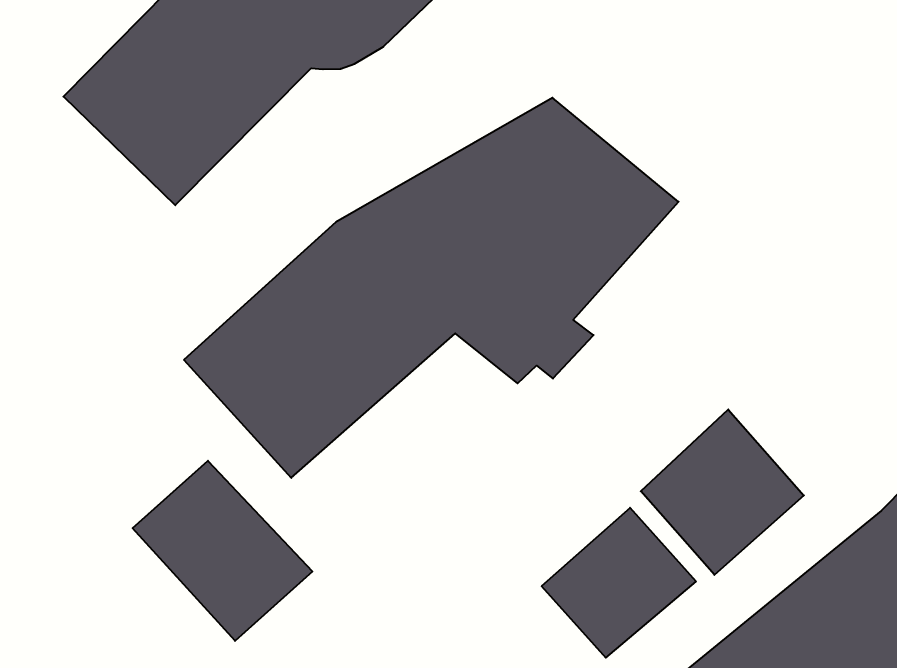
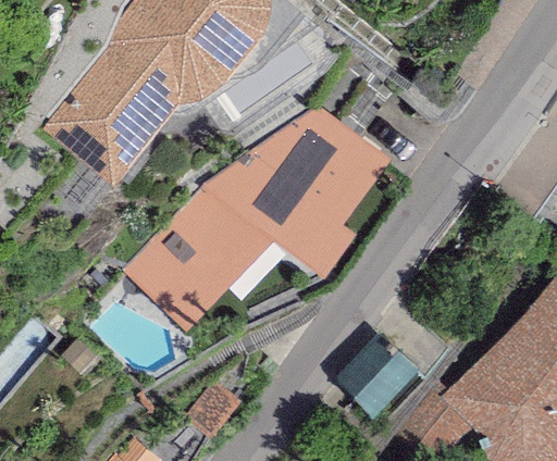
building: [641,409,804,575] -> none
building: [133,461,312,641] -> none

